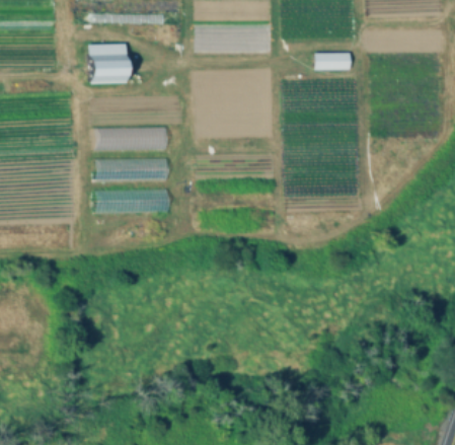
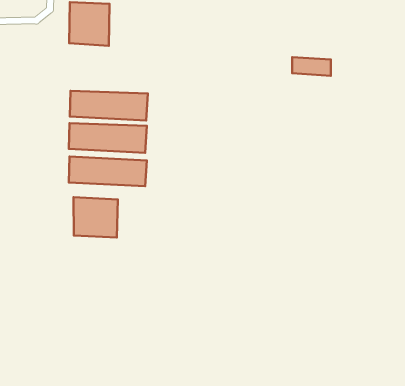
building: [314,54,352,69] -> [292,57,331,76]
building: none -> [74,197,118,238]

